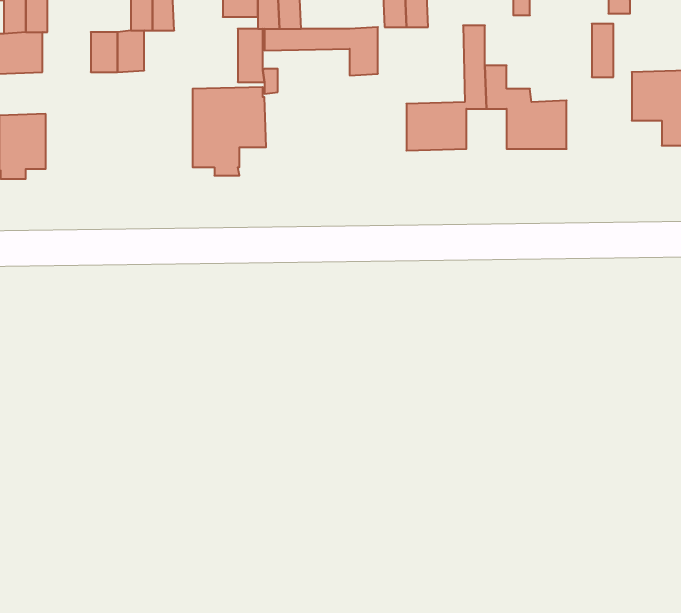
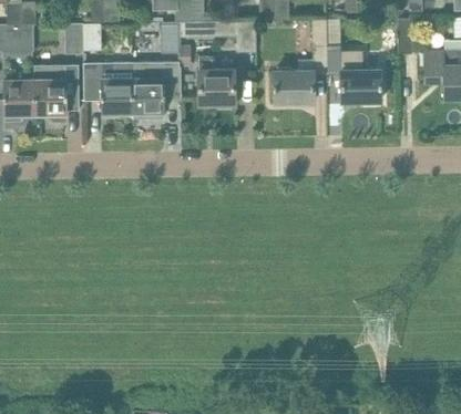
building: none -> [198,58,234,110]
building: none -> [82,62,132,114]
building: none -> [34,65,79,115]

